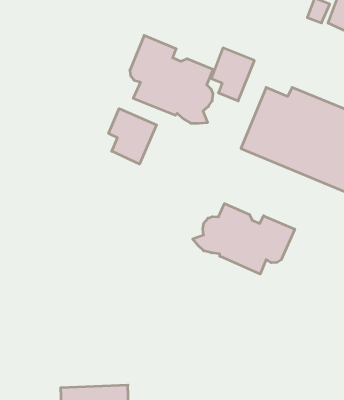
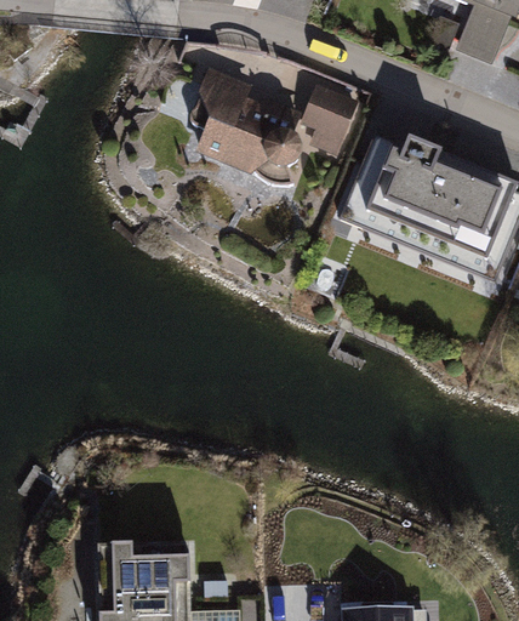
building: [109,109,157,164] -> none
building: [193,204,295,274] -> none

